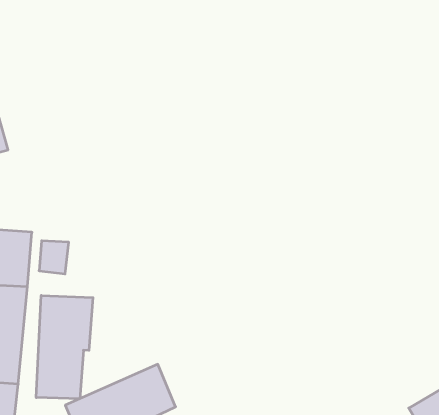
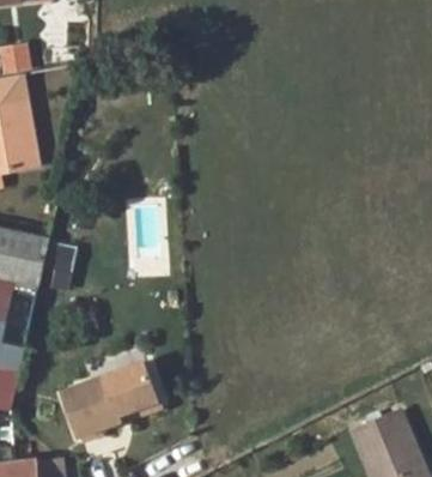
building: [36,295,93,399] -> none

